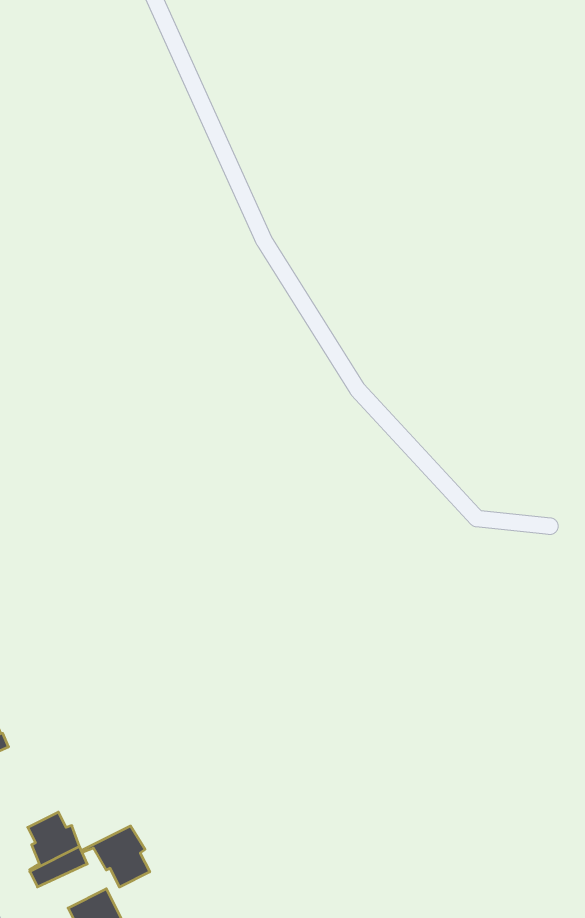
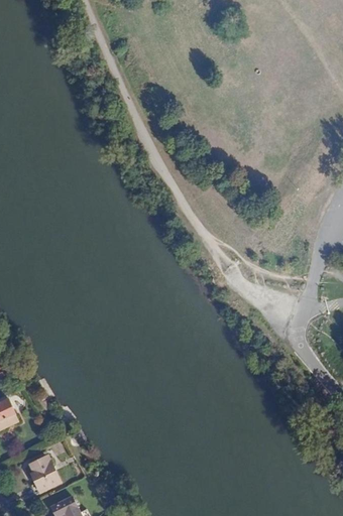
building: [81,826,150,887] -> none

